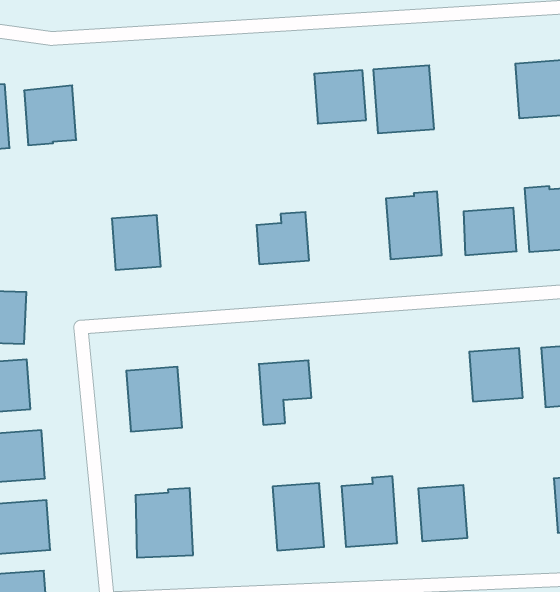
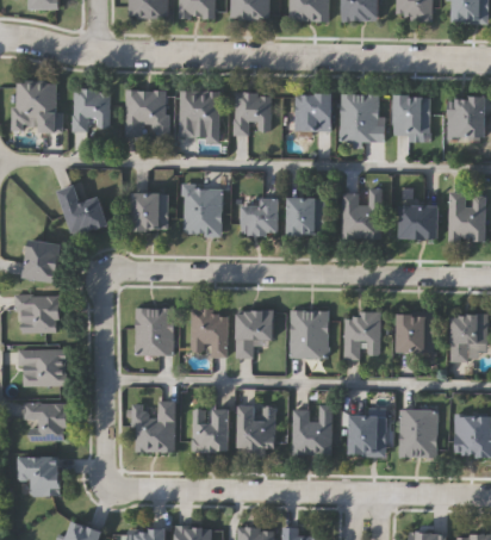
building: none -> [394,95,429,135]
building: none -> [232,92,271,135]
building: none -> [179,91,218,139]
building: none -> [125,89,168,136]
building: none -> [181,185,220,236]
building: none -> [288,197,324,236]
building: none -> [60,185,108,236]
building: none -> [343,314,380,359]
building: none -> [290,310,328,358]
building: none -> [191,309,226,356]
building: none -> [399,410,436,457]
building: none -> [192,408,230,452]

